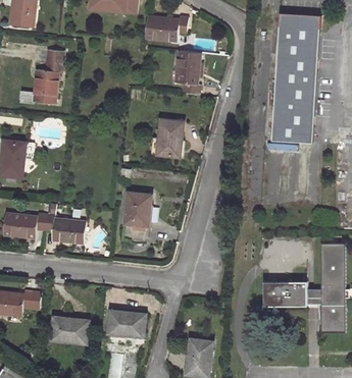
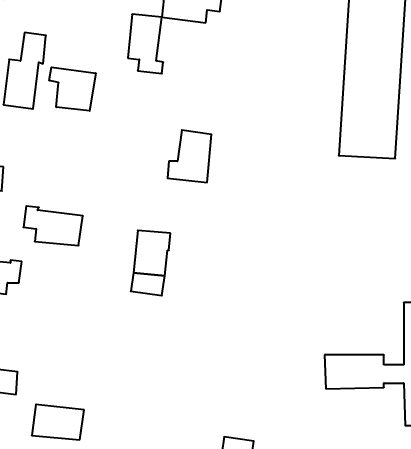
building: [177,51,202,94] -> [128,14,163,74]
building: none -> [49,67,96,111]
building: [43,215,86,244] -> [23,206,83,246]
building: [108,311,146,337] -> none

